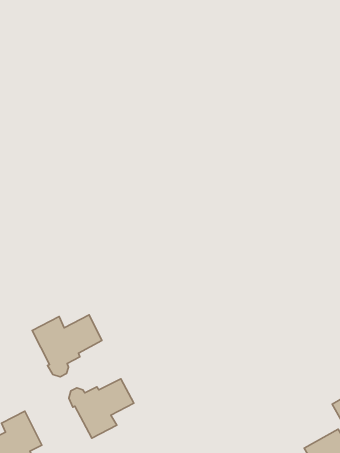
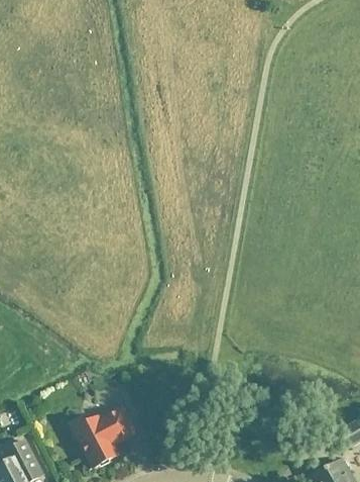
building: [32,315,102,377] -> none

